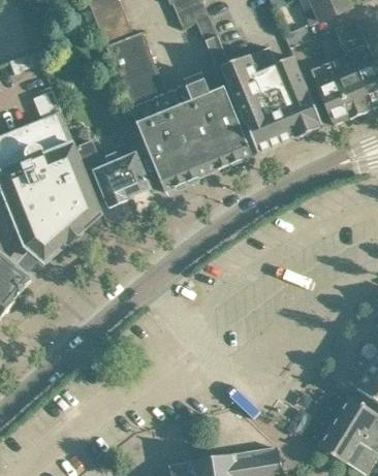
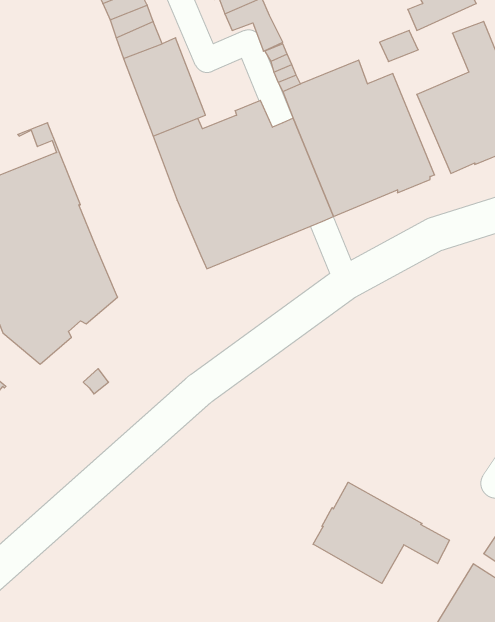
building: [74,140,159,208] -> none
building: none -> [313,482,449,583]

